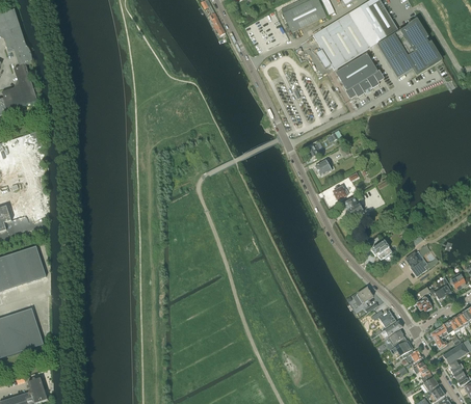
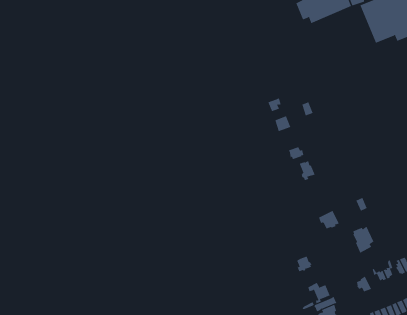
building: [335,53,384,99] -> none

